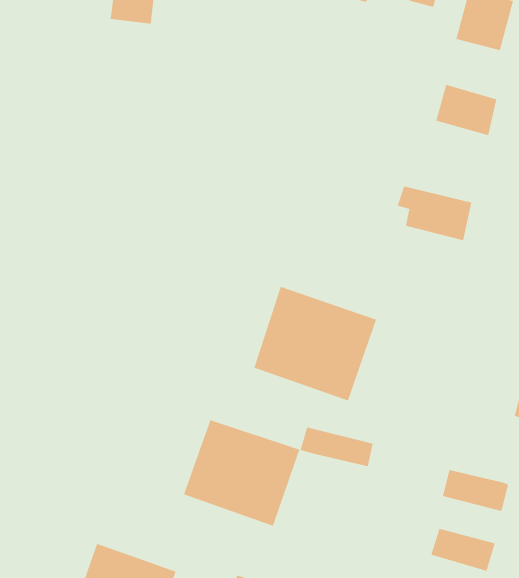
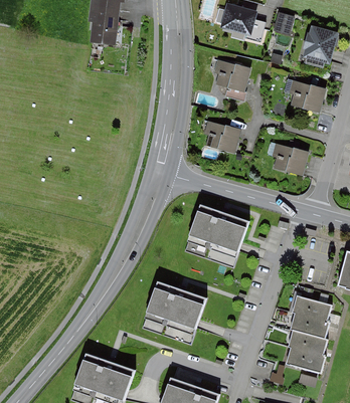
building: none -> [214,61,253,94]
building: none -> [201,123,243,154]
building: [300,427,373,467] -> [292,298,336,323]
building: none -> [291,331,330,359]

